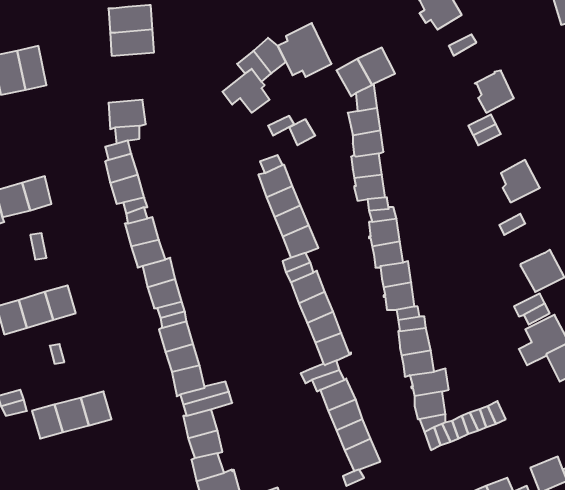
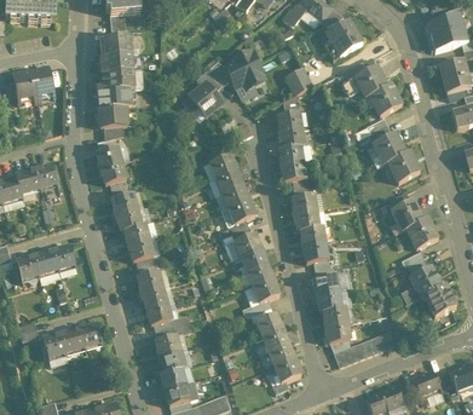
building: none -> [344,68,386,98]
building: none -> [102,73,135,93]
building: none -> [373,134,404,165]
building: none -> [391,201,423,232]

